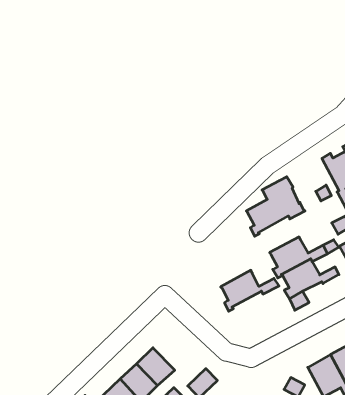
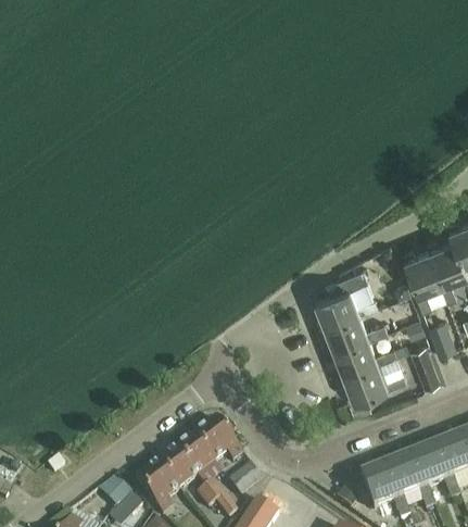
building: [221,270,279,311] -> [325,309,388,350]
building: none -> [197,417,243,460]

